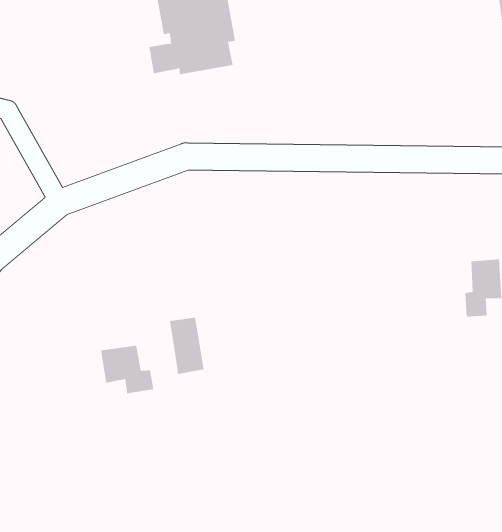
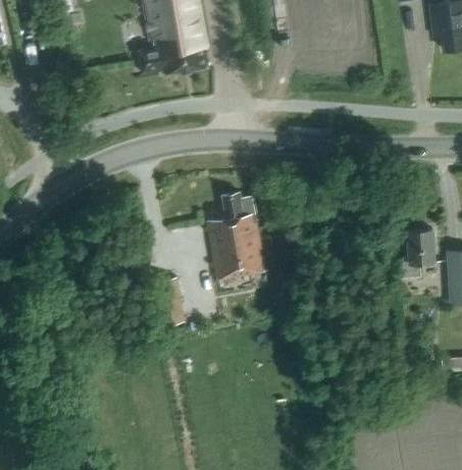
building: none -> [206,191,264,278]
building: [101,345,154,394] -> none

